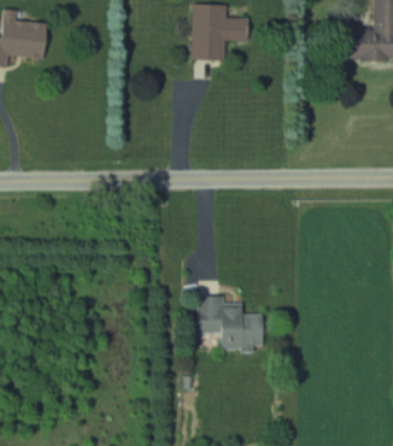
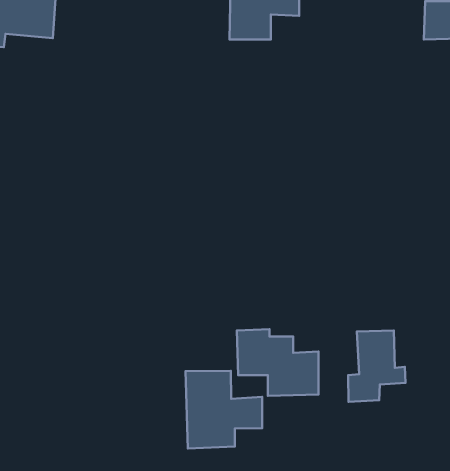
building: none -> [348,330,406,402]
building: none -> [186,371,262,449]

